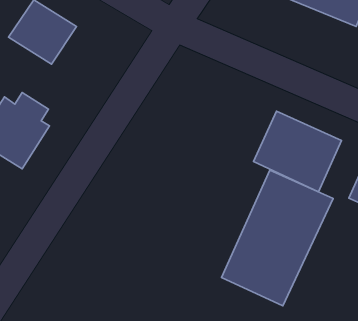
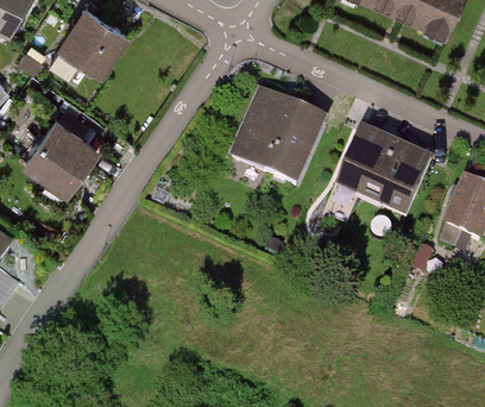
building: none -> [231,89,332,189]
building: [221,170,333,306] -> none

